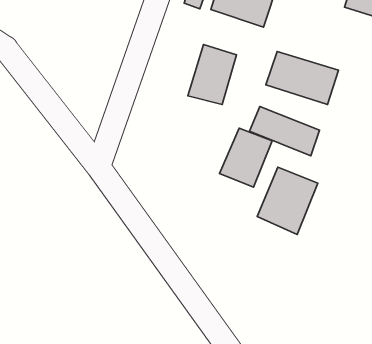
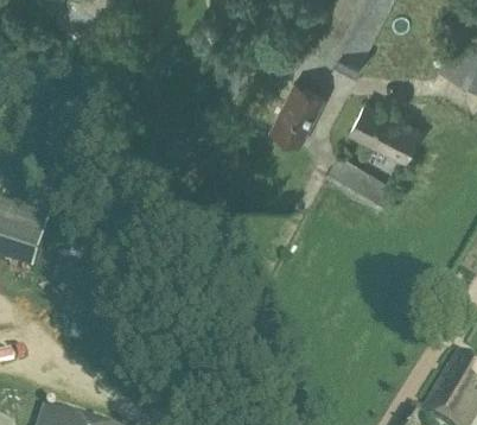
building: [220,128,272,187] -> none
building: [257,167,318,234] -> none

